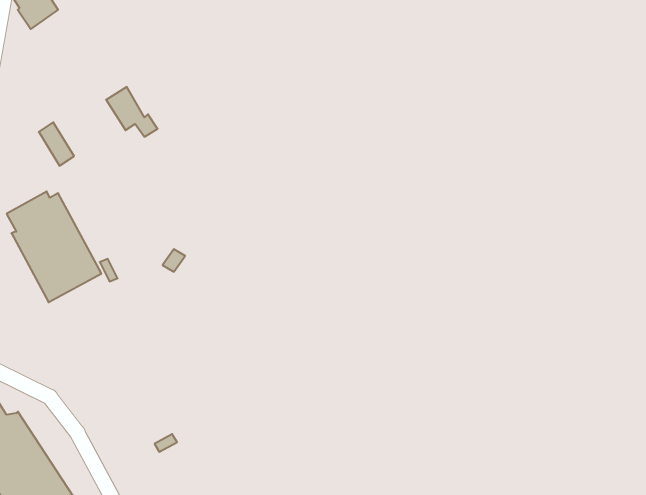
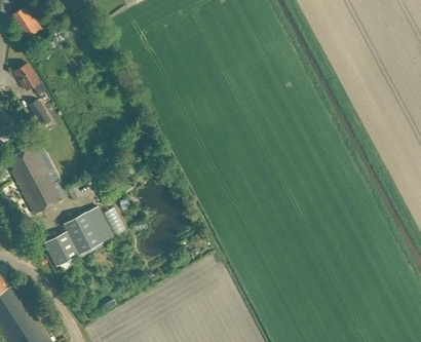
building: [106,87,158,137] -> [13,63,46,94]
building: none -> [43,206,113,267]

